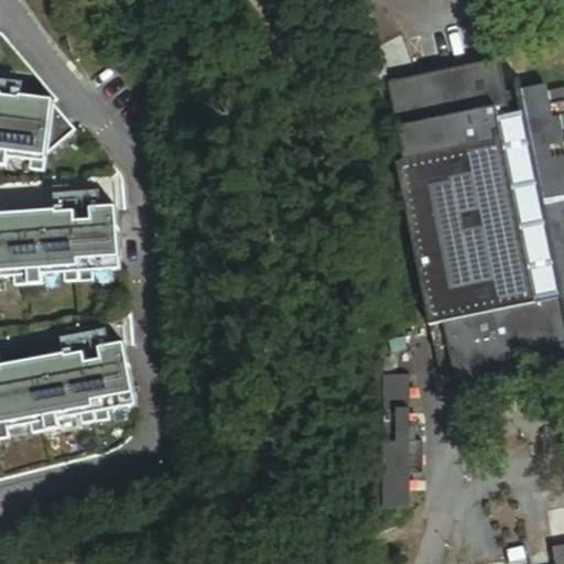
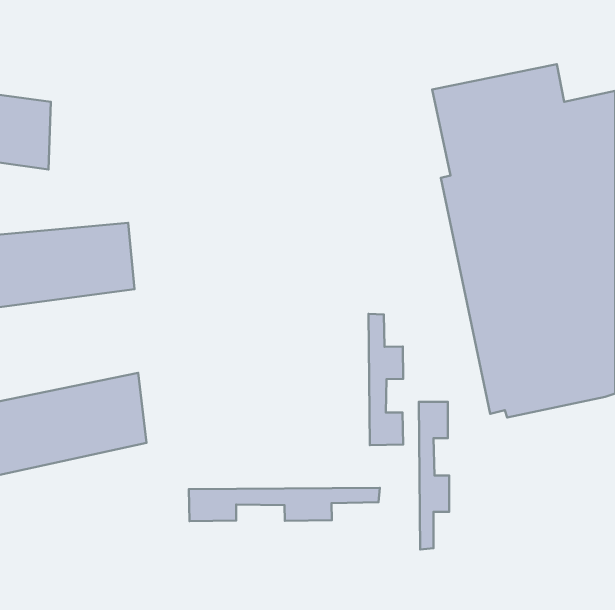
building: none -> [369,314,403,445]
building: none -> [189,488,380,521]

